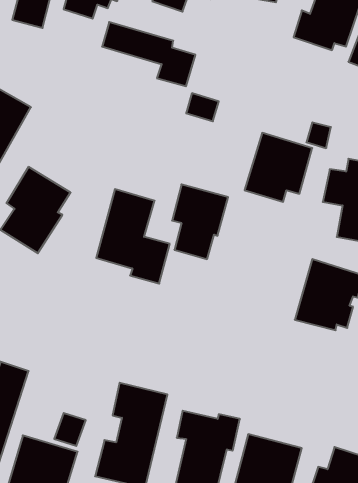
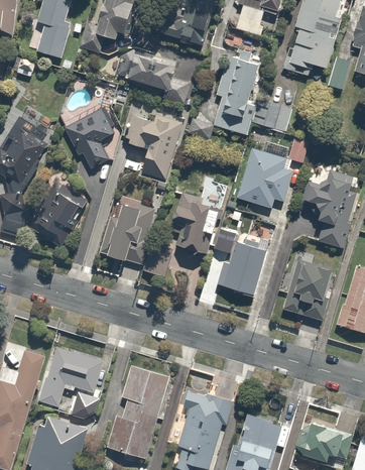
building: none -> [215,55,294,136]
building: none -> [60,107,120,164]
building: none -> [125,110,180,177]
building: none -> [214,227,267,293]
building: none -> [40,342,104,405]

